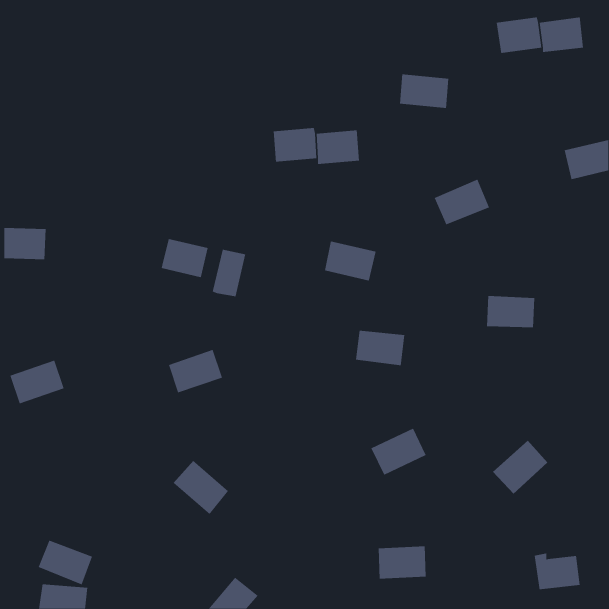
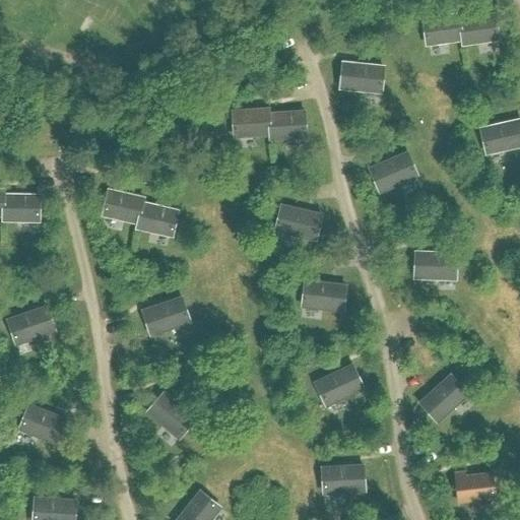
building: none -> [104,190,144,223]
building: [212,249,246,297] -> none
building: [38,540,93,585] -> [20,405,67,444]

